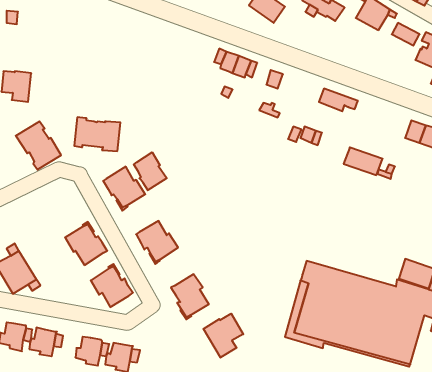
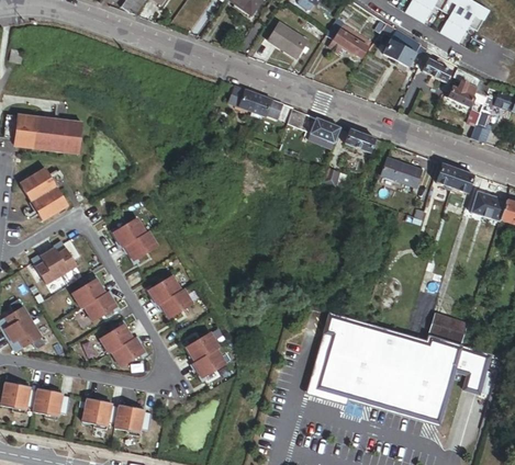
building: none -> [307,121,339,149]
building: [74,117,120,151] -> [33,114,82,150]
building: [344,147,383,175] -> [380,159,422,189]
building: [134,152,167,190] -> none
building: none -> [32,238,77,281]
building: [203,314,243,358] -> none

